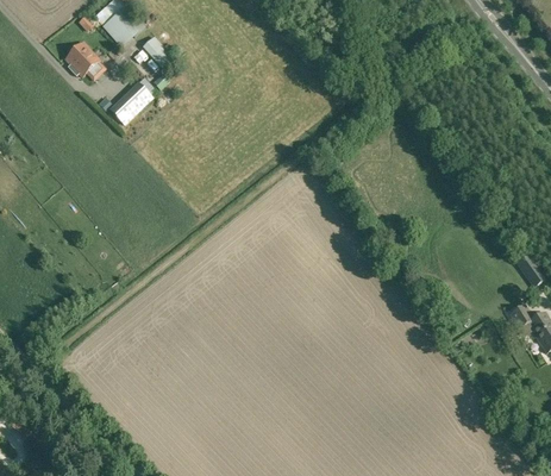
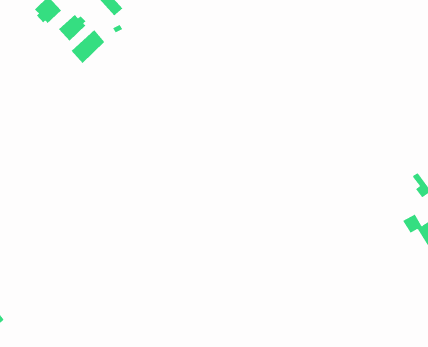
building: none -> [58,14,87,41]

